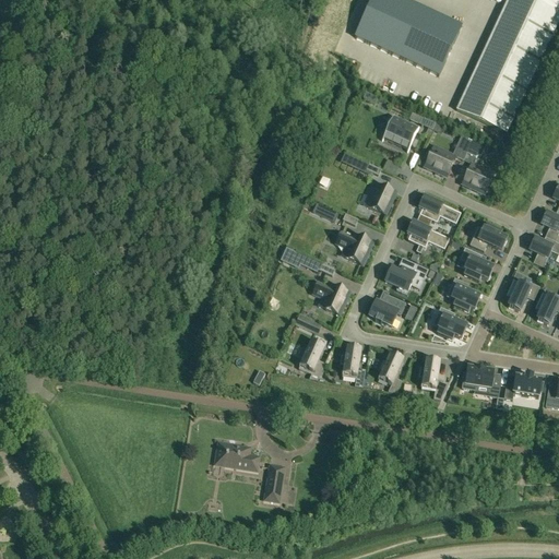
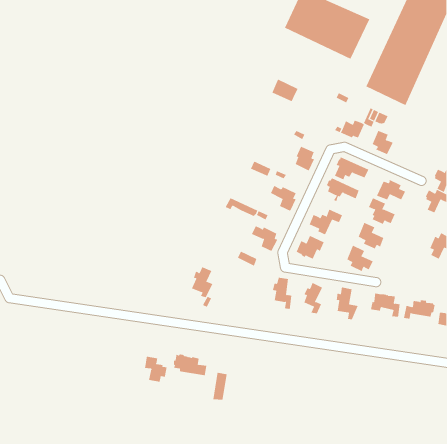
building: [382,114,419,151] -> [269,78,299,108]
building: [507,273,539,311] -> none
building: [298,341,325,380] -> [191,267,213,298]
building: none -> [145,356,167,383]

